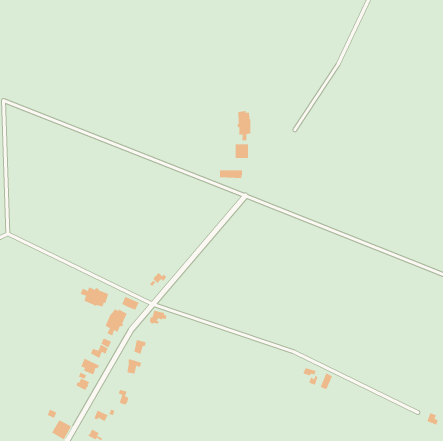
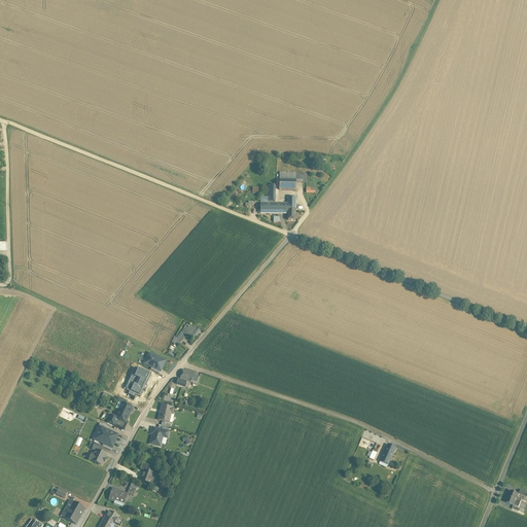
building: [237,110,251,141] -> none
building: [80,286,109,307] -> none

